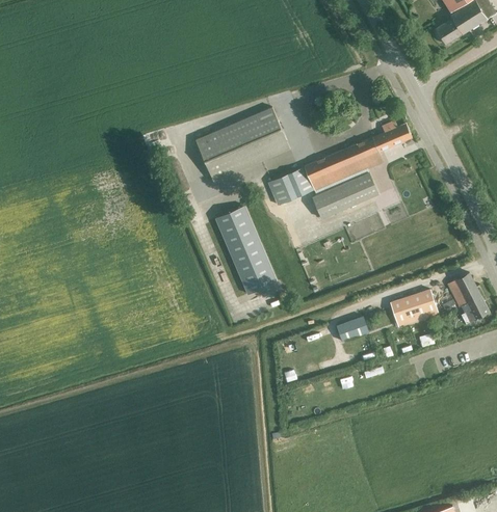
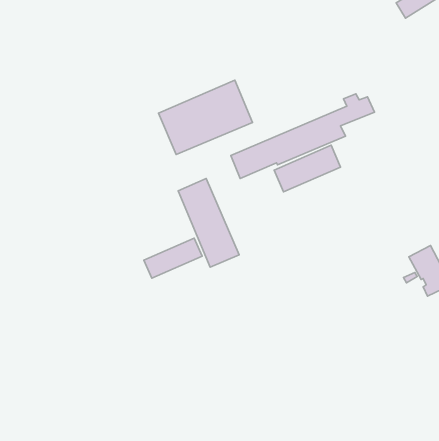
building: none -> [144,238,202,278]
building: [390,290,438,327] -> none
building: [336,317,369,342] -> none

